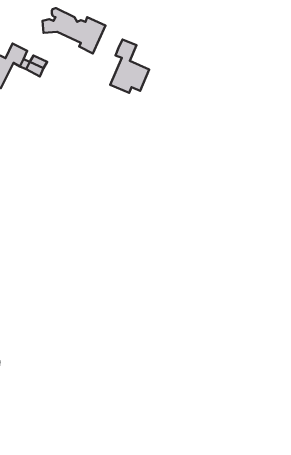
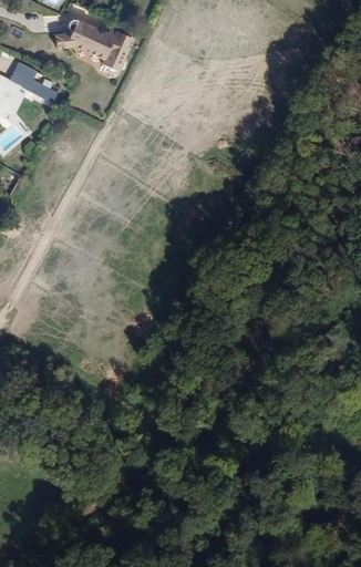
building: [110,39,149,93] -> none

